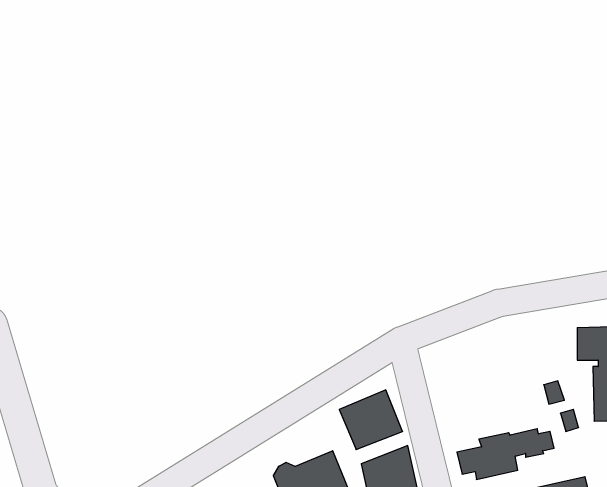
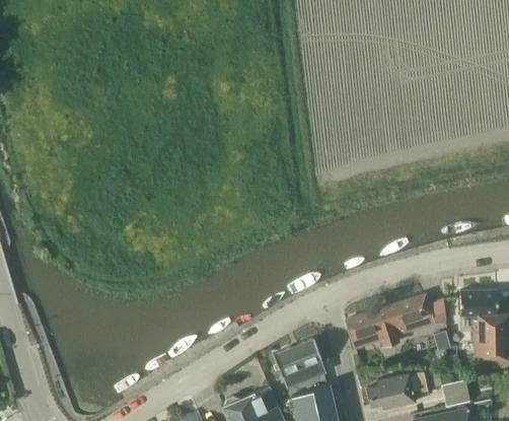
building: none -> [347,296,433,349]
building: none -> [445,378,476,407]

